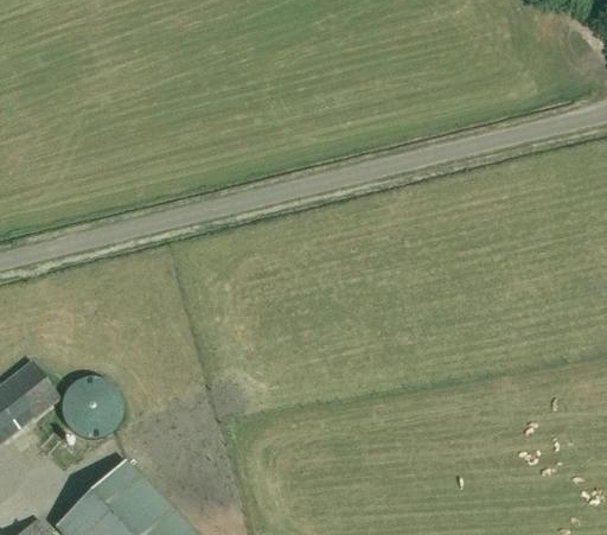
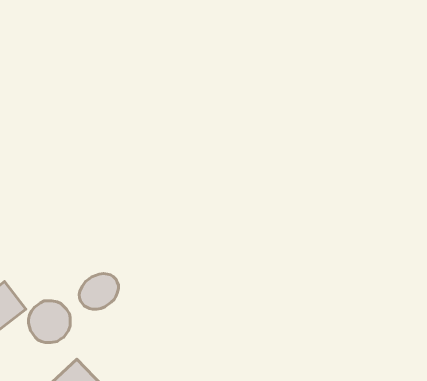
building: none -> [79,273,119,309]

